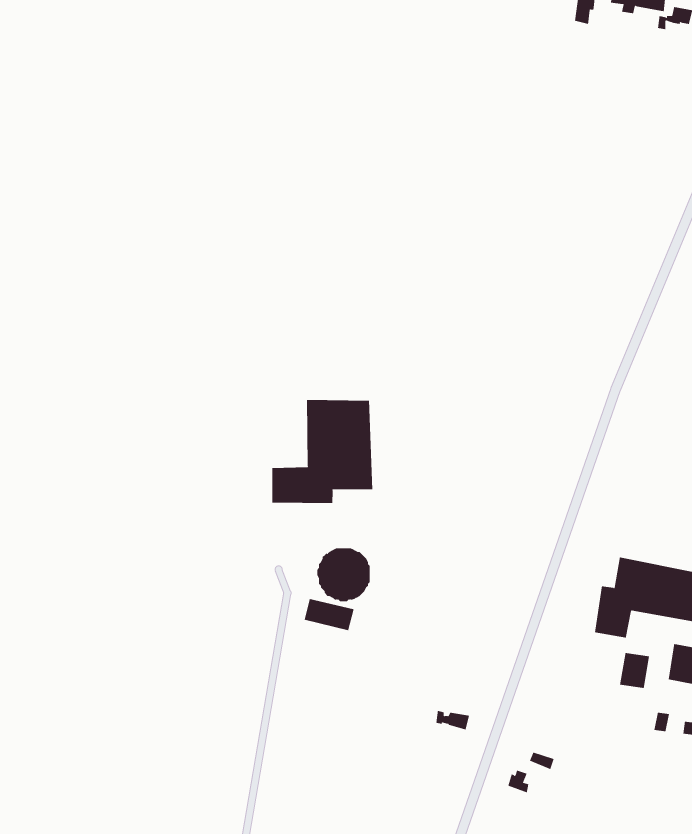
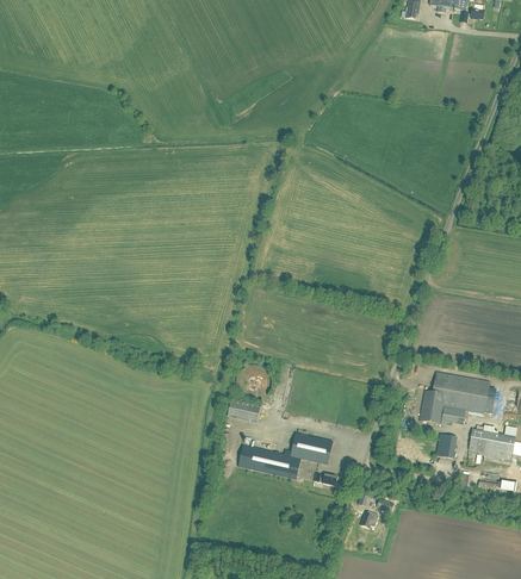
building: [272,399,373,504] -> none
building: none -> [238,432,334,479]

